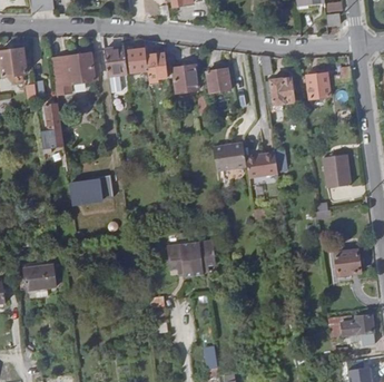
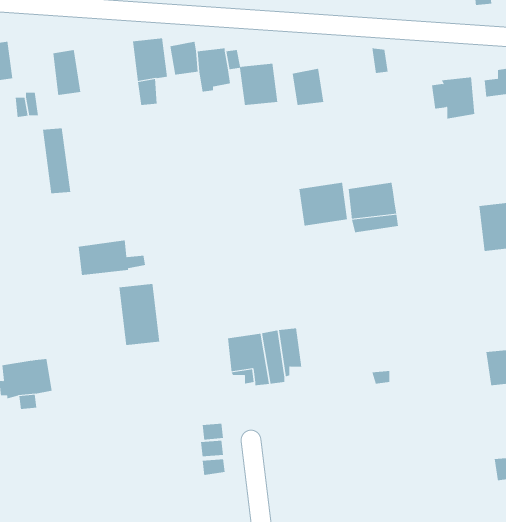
building: [66,52,93,82] -> none
building: [269,70,293,98] -> none
building: none -> [119,283,160,346]

